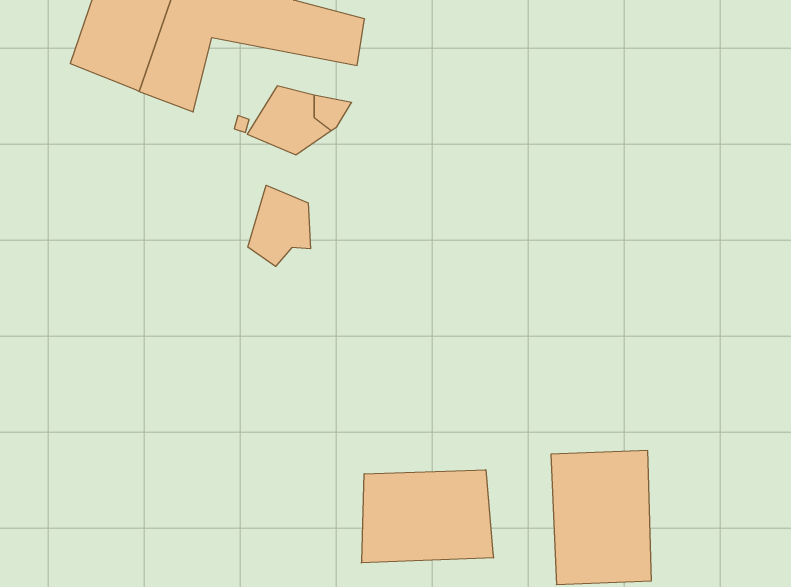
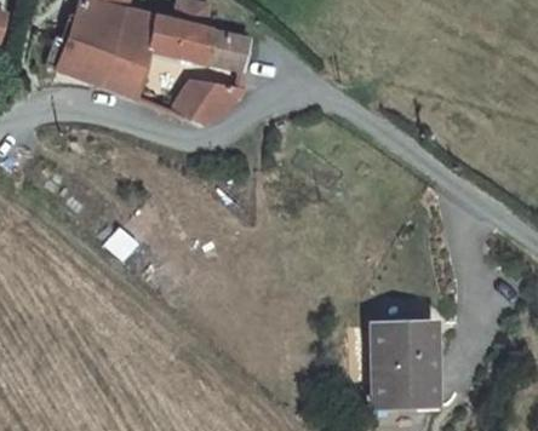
building: [248,185,311,266] -> none
building: [361,470,493,563] -> none

